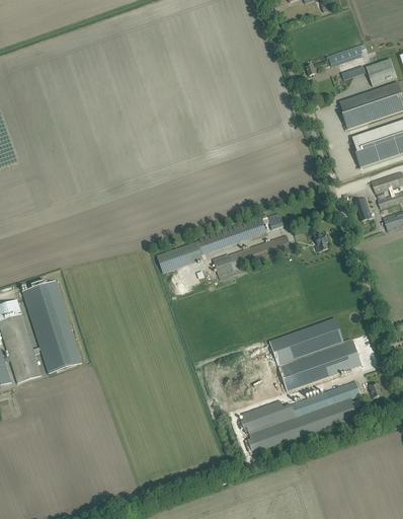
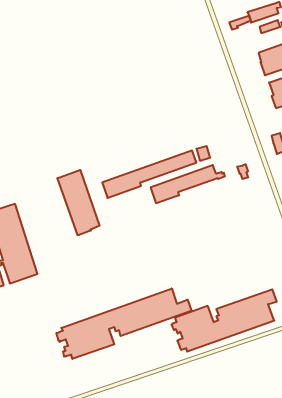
building: none -> [57,170,99,235]
building: [270,319,360,392] -> none
building: none -> [56,288,192,359]

